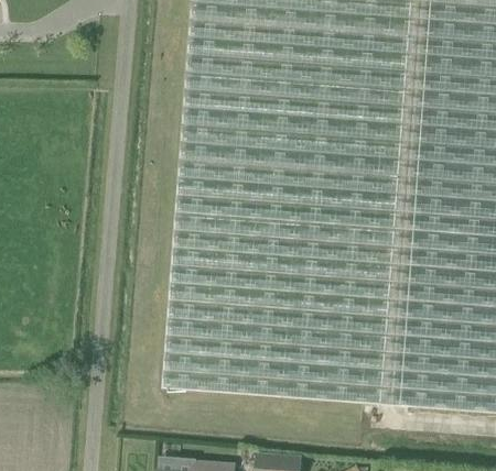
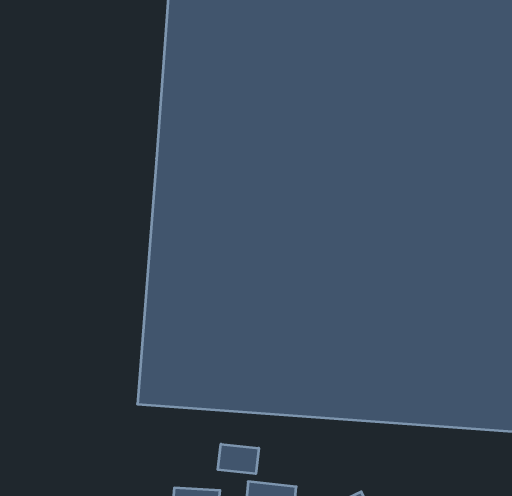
building: none -> [218,444,259,474]

